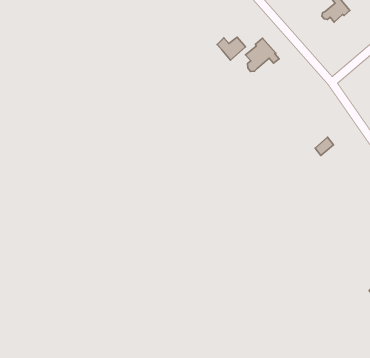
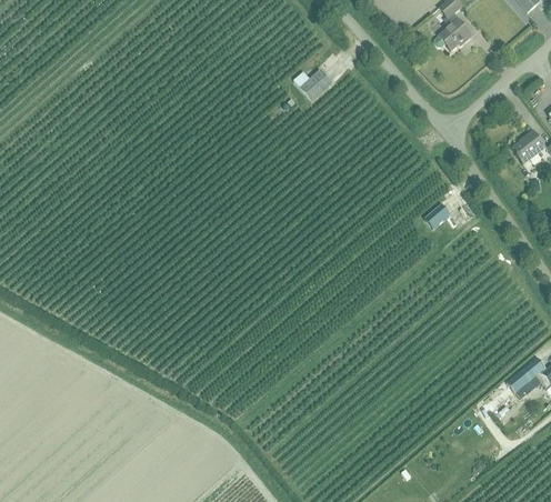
building: [245,38,279,71] -> none

